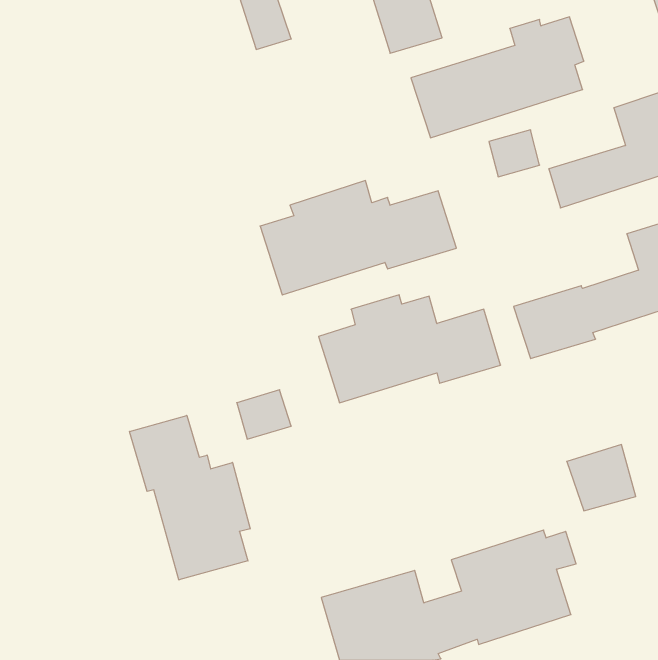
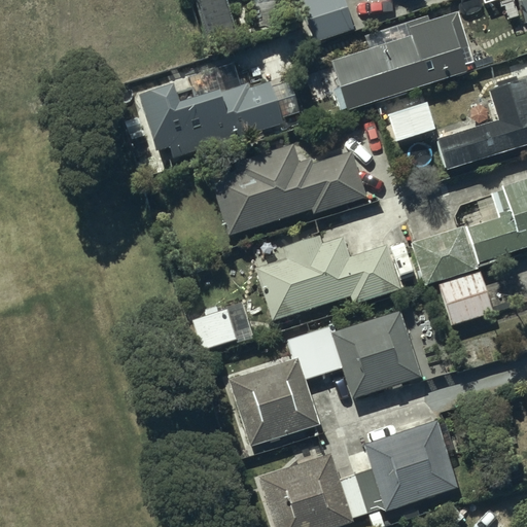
building: none -> [136,81,301,157]
building: none -> [231,311,421,445]
building: [130,415,250,580] -> none
building: [567,445,636,511] -> [440,271,494,323]

